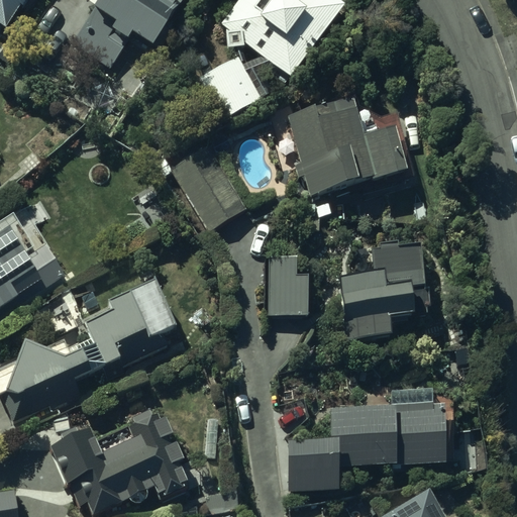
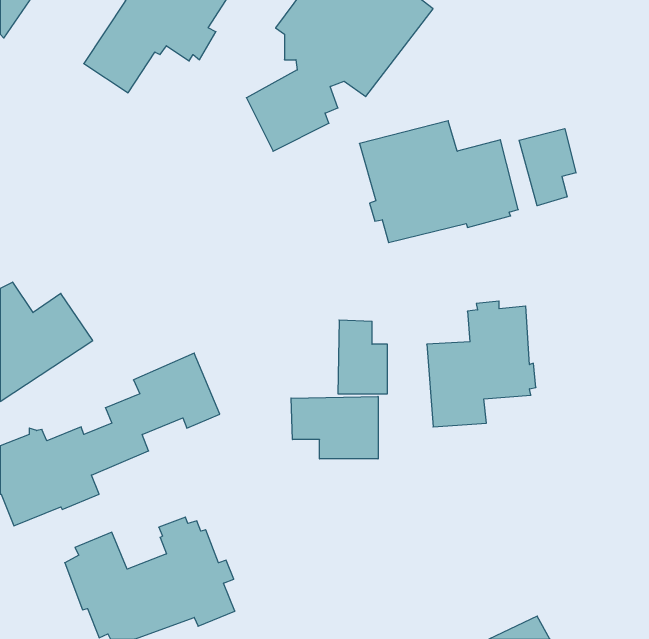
building: none -> [519,129,576,206]
building: [173,144,244,228] -> none
building: none -> [291,396,378,459]
building: [285,388,447,490] -> none

